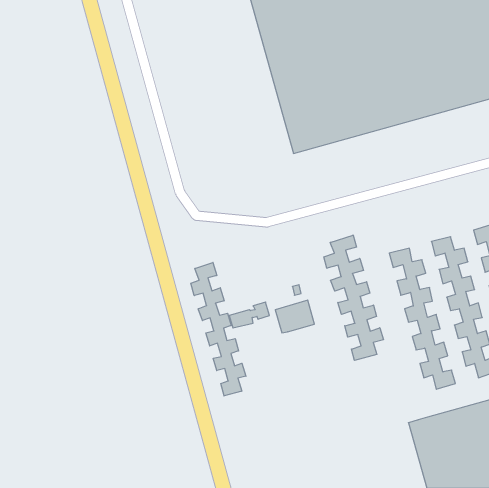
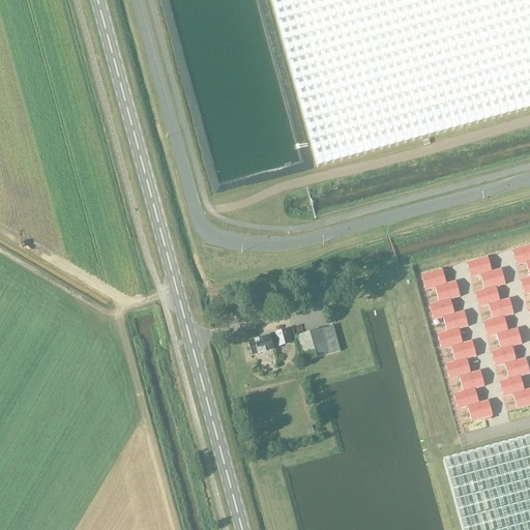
building: [324,235,383,360] -> none
building: [191,262,246,396] -> none

